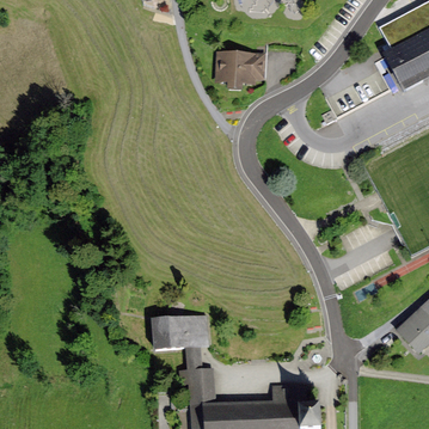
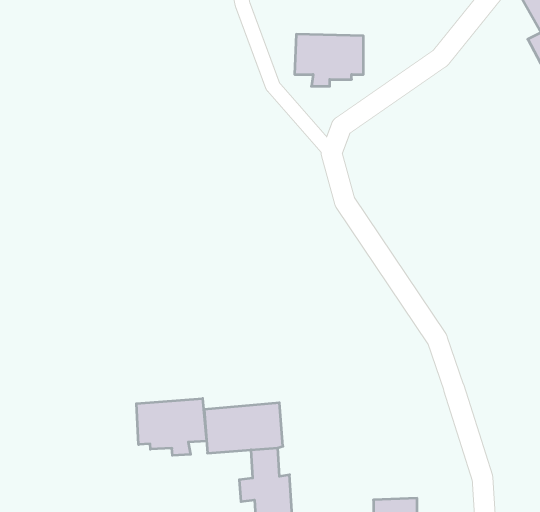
building: none -> [136,398,206,455]

